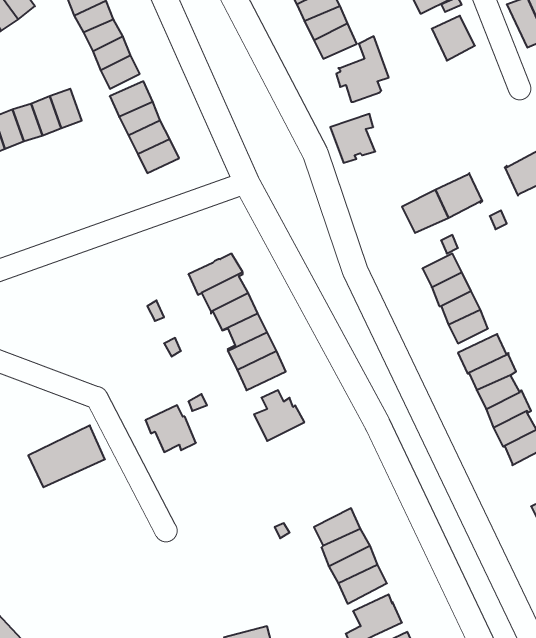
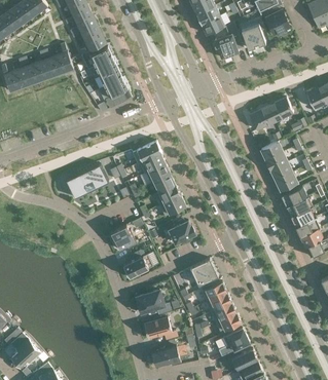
building: [330,114,375,163] -> [241,23,265,49]
building: [28,425,105,487] -> [66,164,108,198]
building: none -> [122,253,152,278]
building: none -> [189,259,217,287]
building: none -> [136,291,170,314]
building: none -> [143,317,177,340]

